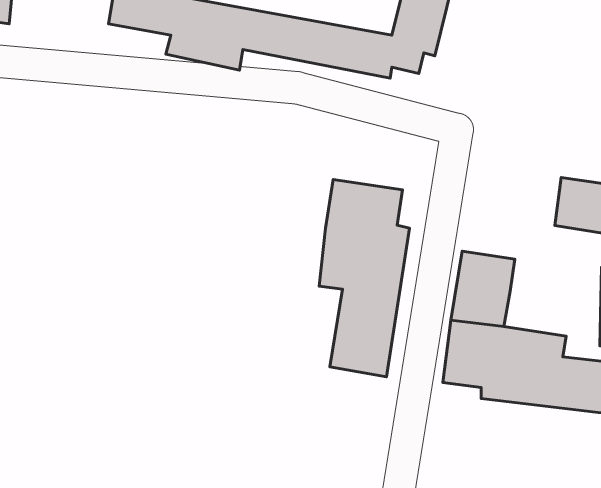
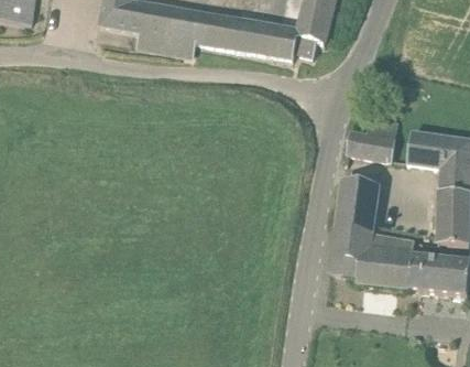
building: none -> [347,115,398,160]
building: [319,180,409,377] -> none

